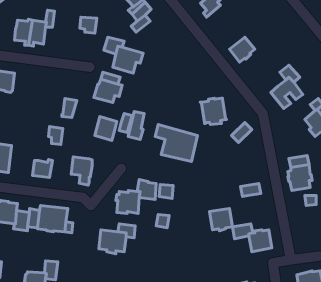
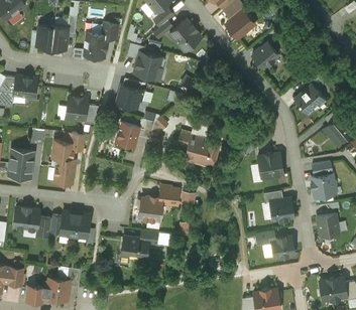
building: none -> [229,10,255,36]
building: none -> [169,19,201,50]
building: none -> [84,31,107,57]
building: none -> [66,96,87,120]
building: [200,98,226,124] -> [257,152,283,178]
building: [71,157,92,185] -> [52,140,74,168]
building: none -> [317,213,339,236]
building: [209,209,233,231] -> [270,198,293,220]

